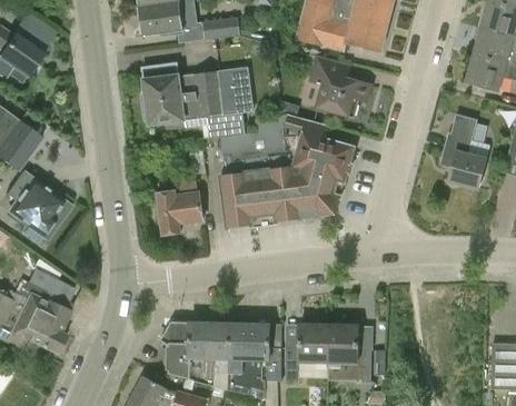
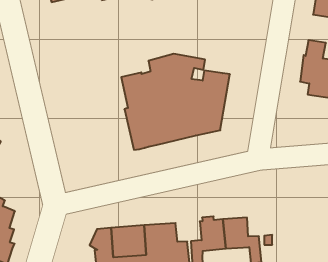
building: [308,56,371,117] -> none
building: [143,62,254,137] -> none
building: [155,178,202,235] -> none

